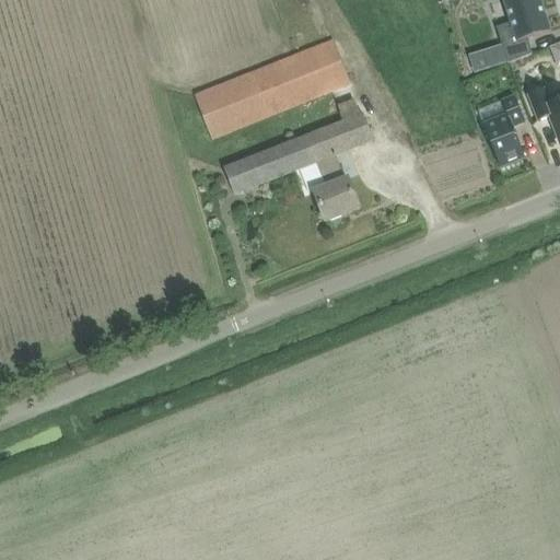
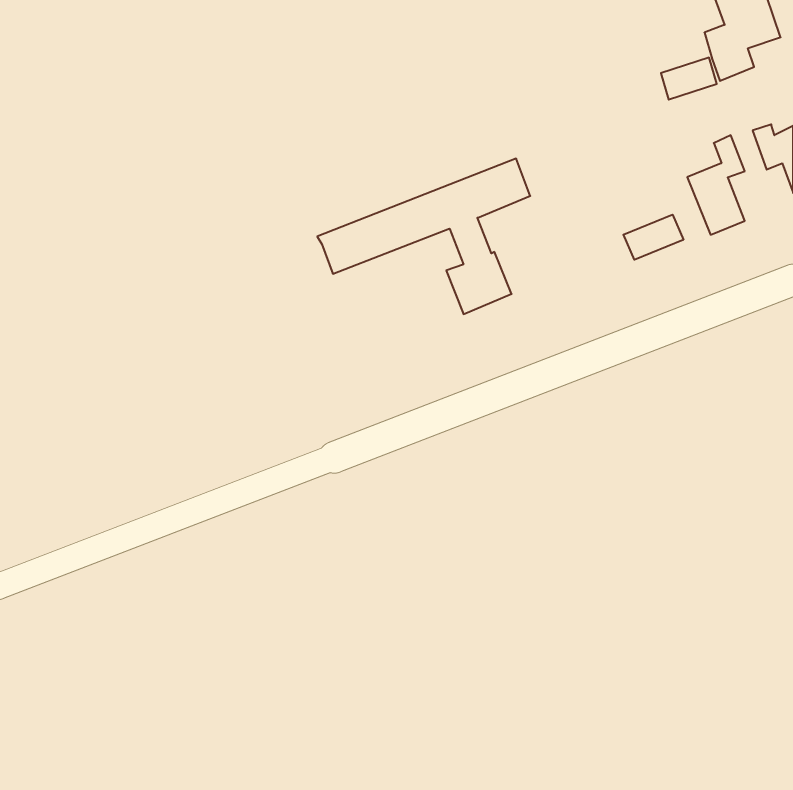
building: [195,39,349,139] -> none
building: none -> [623,215,683,260]

